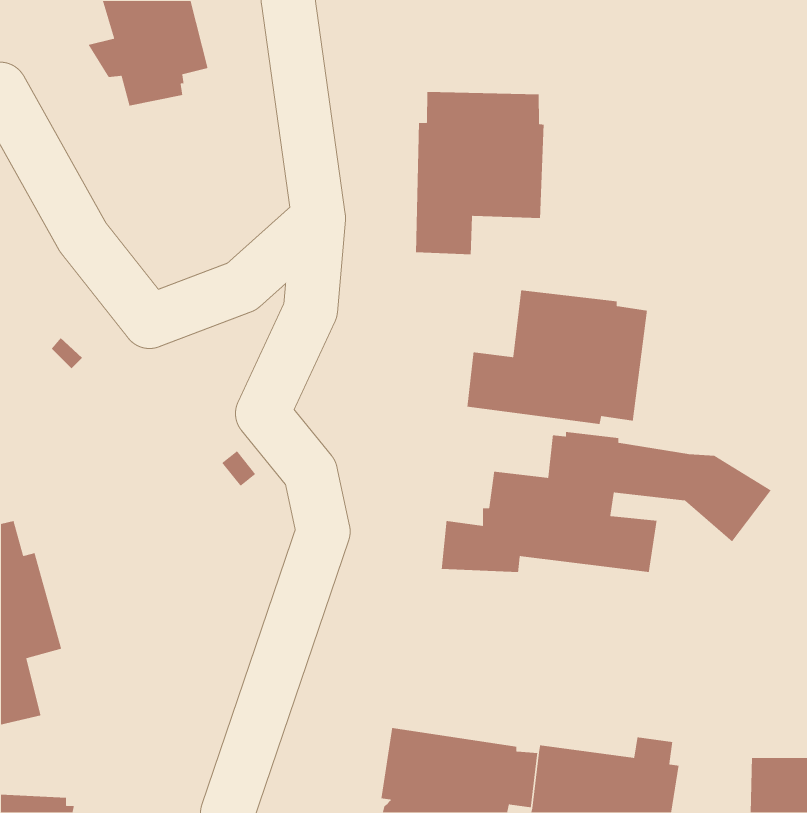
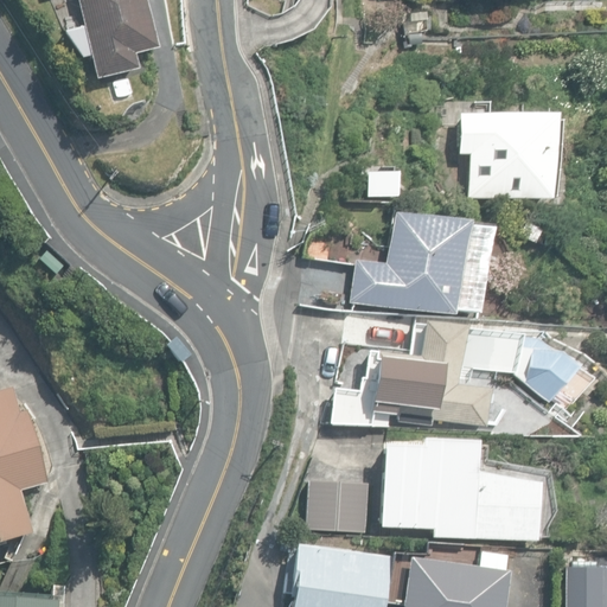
building: [415,91,544,255] -> none
building: none -> [460,107,554,200]
building: none -> [379,435,537,541]
building: none -> [309,480,371,532]

